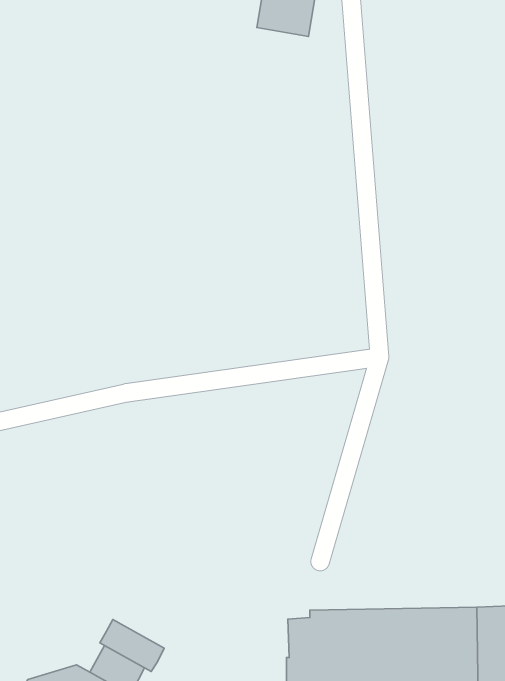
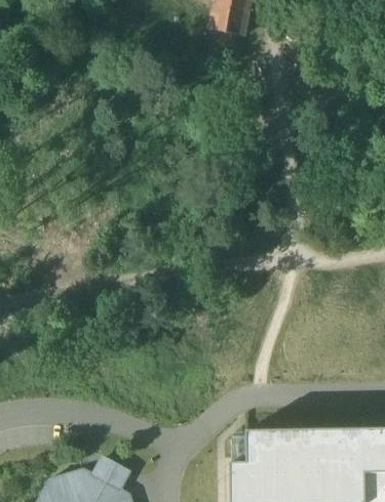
building: [100,620,164,672] -> none

